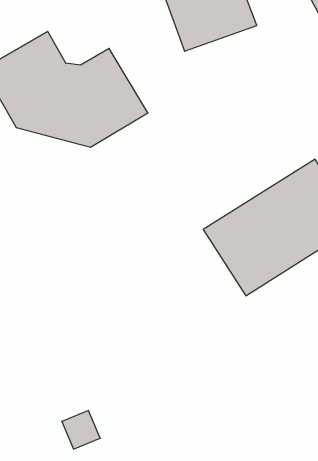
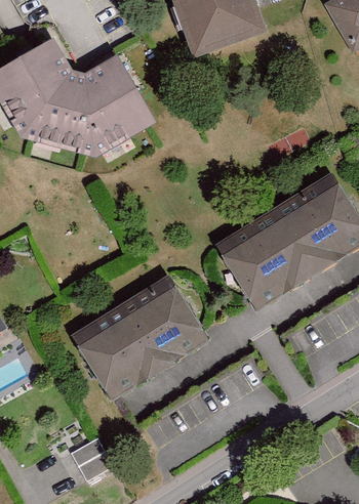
building: none -> [71,272,211,403]

